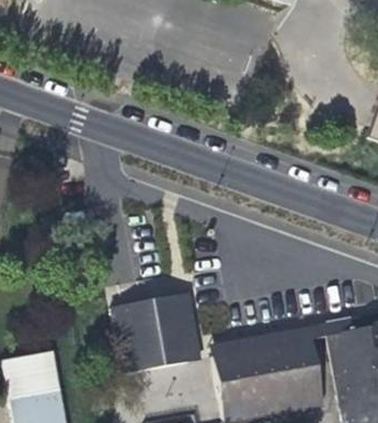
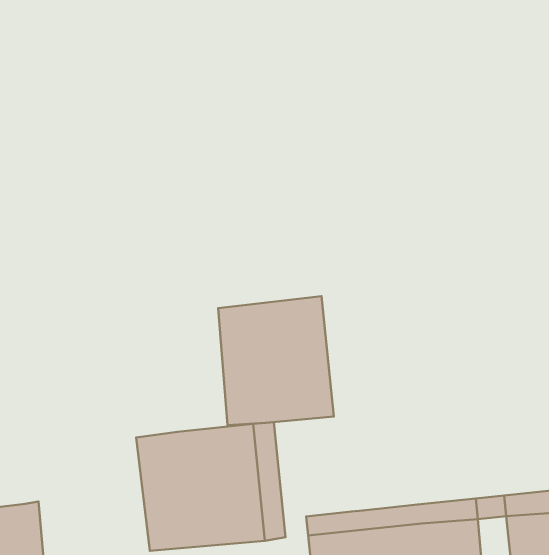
building: none -> [218,296,334,425]

